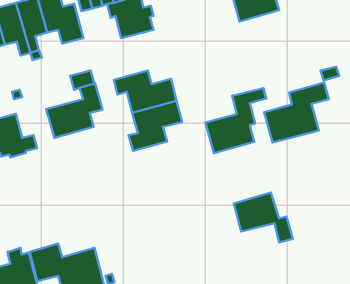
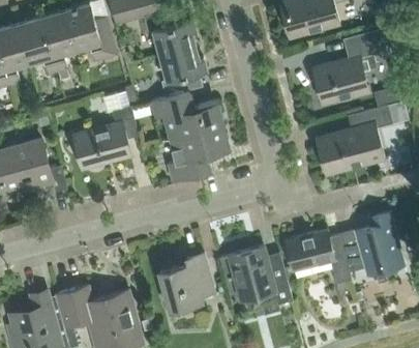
building: none -> [159,47,207,97]
building: [205,88,266,153] -> [313,31,382,104]
building: none -> [341,212,405,281]
building: none -> [230,247,293,306]
building: none -> [159,254,214,310]

